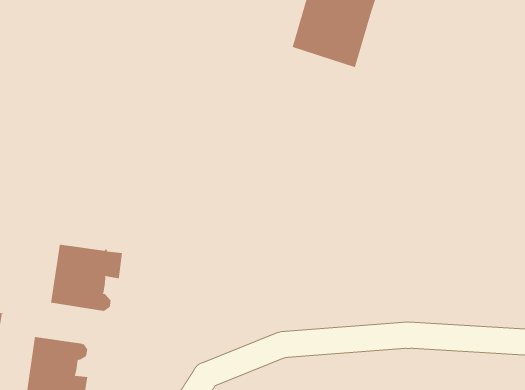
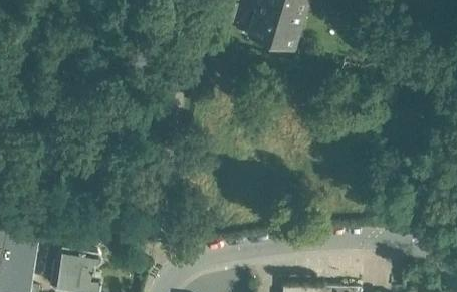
building: [50,244,123,312] -> none

